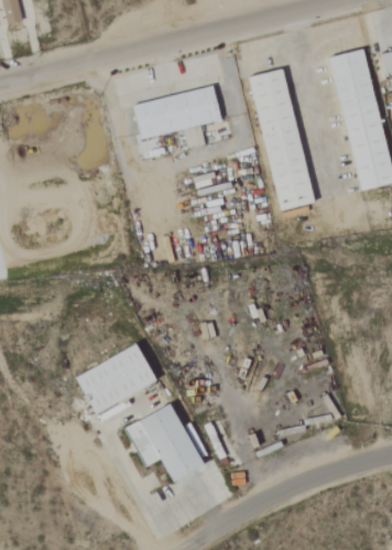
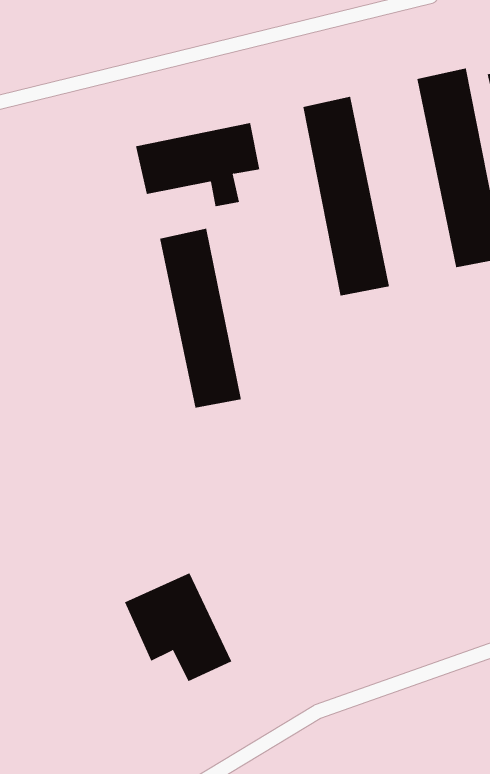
building: none -> [159,228,241,408]
building: [74,345,154,413] -> none

